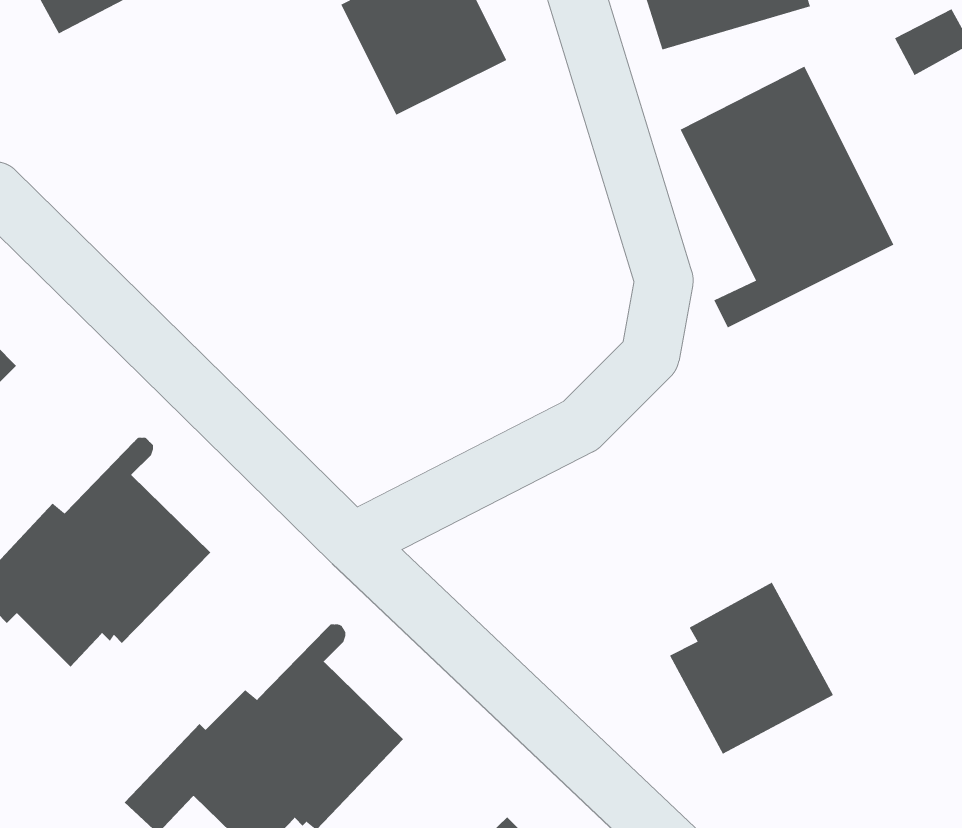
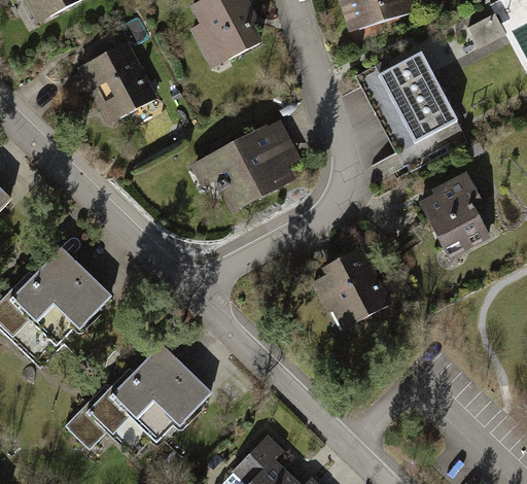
building: none -> [75,42,157,125]
building: none -> [186,116,311,215]
building: none -> [412,173,496,260]
building: [669,582,834,755] -> [307,246,392,336]

